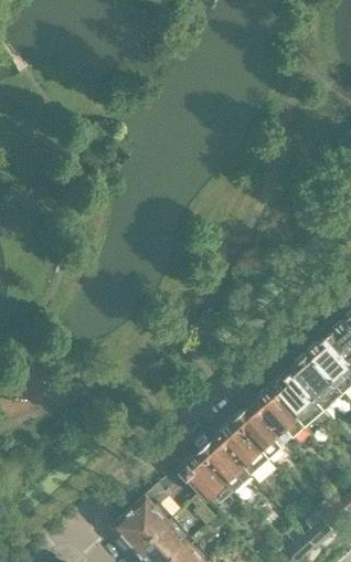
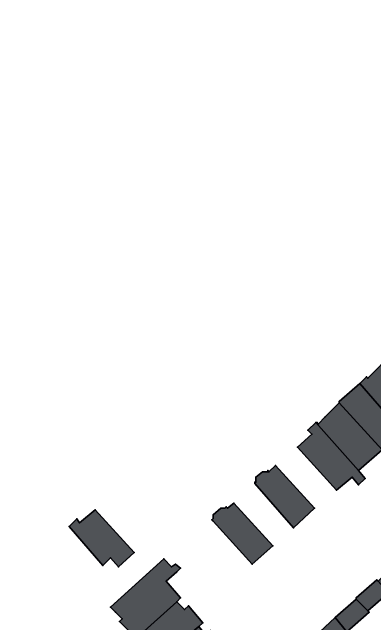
building: [253,392,305,445] -> none
building: [217,424,268,477] -> none
building: [178,456,233,505] -> [69,510,134,567]

